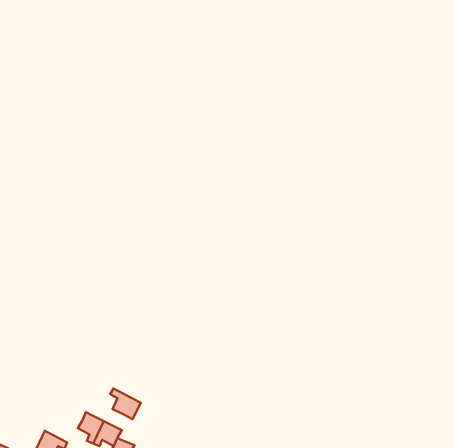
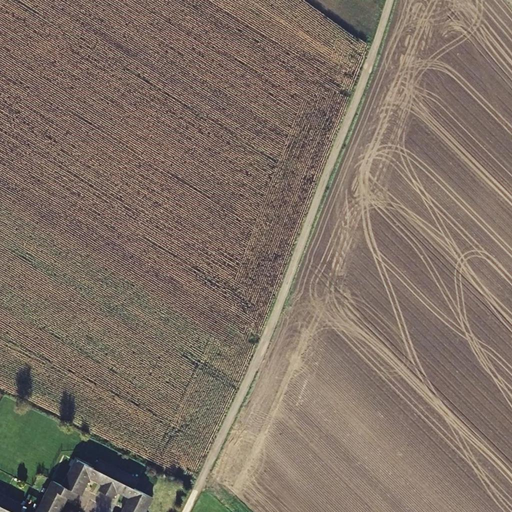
building: [110,389,141,419] -> none
building: none -> [60,471,92,506]

